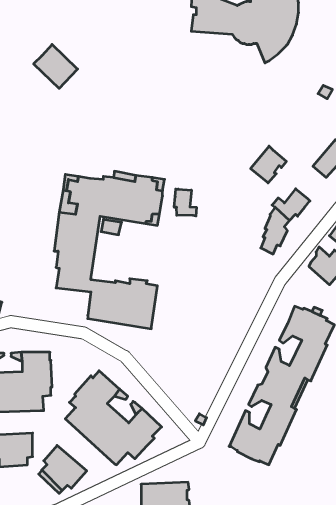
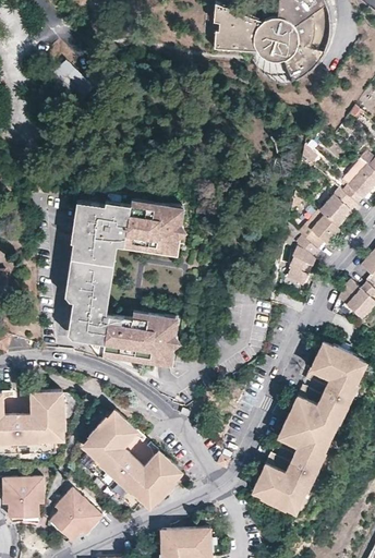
building: [251,146,286,183] -> [318,187,356,227]
building: [174,189,196,216] -> none
building: none -> [66,322,106,351]

